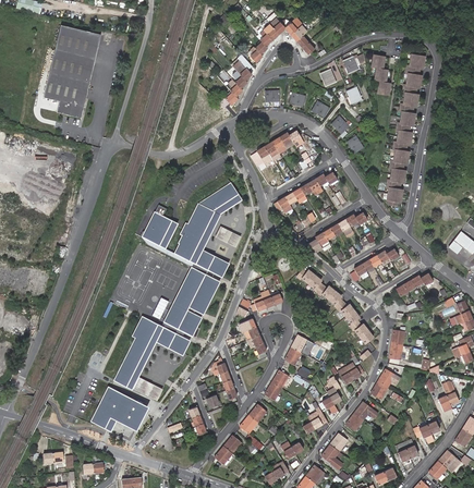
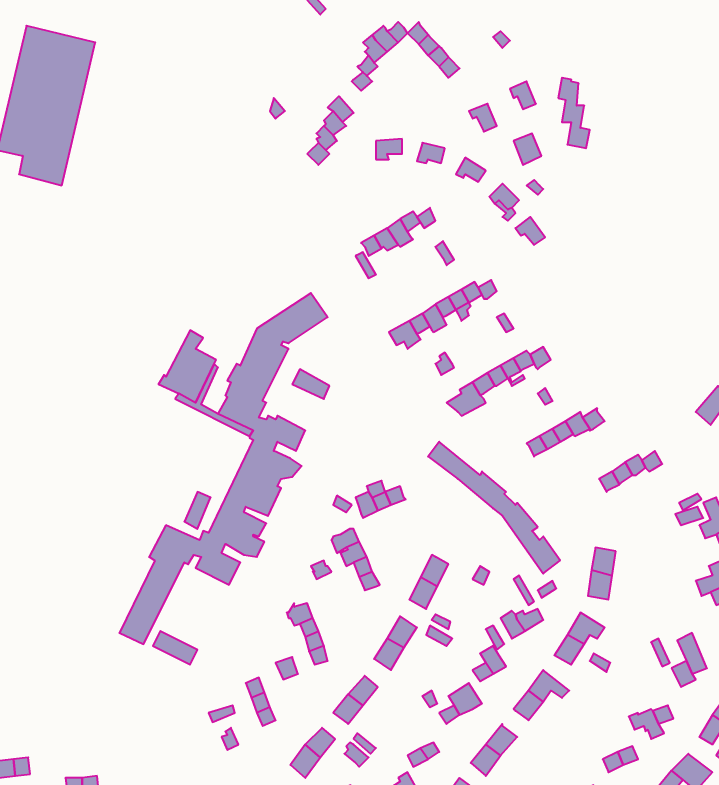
building: [389,49,423,204] -> none
building: [92,387,145,426] -> none

